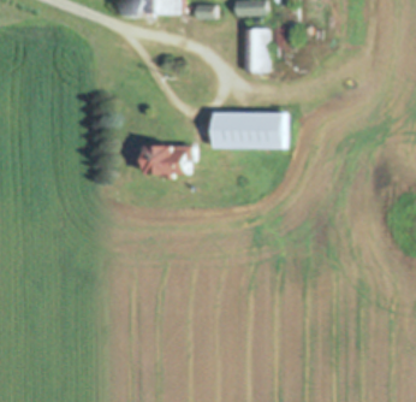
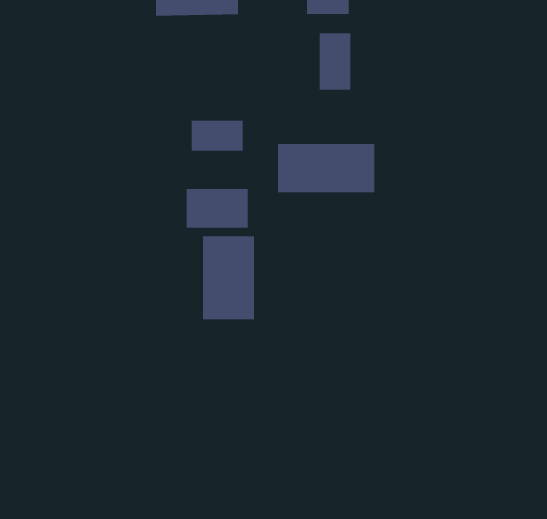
building: none -> [191,120,244,151]
building: none -> [202,236,255,320]

